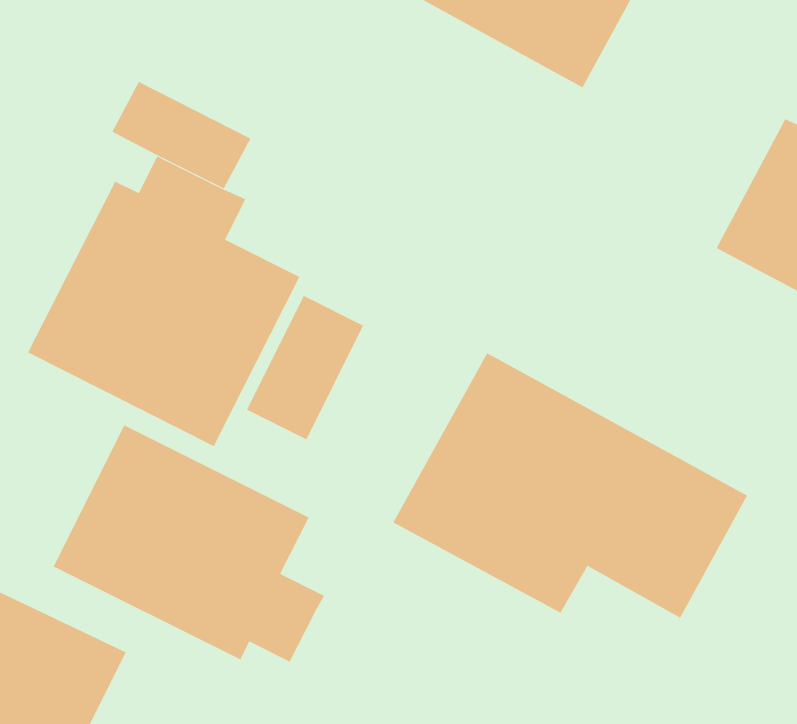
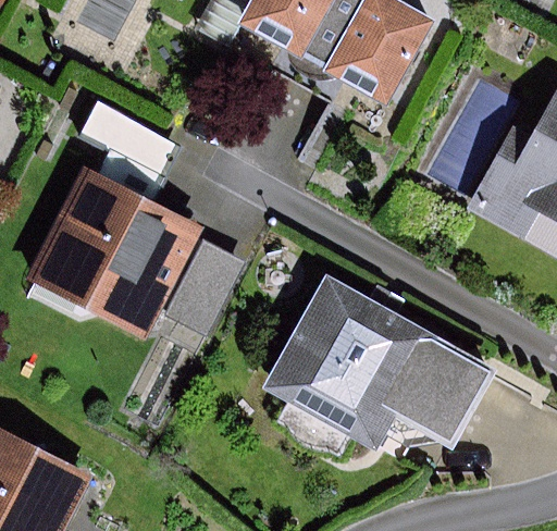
building: [53,425,325,662] -> none

